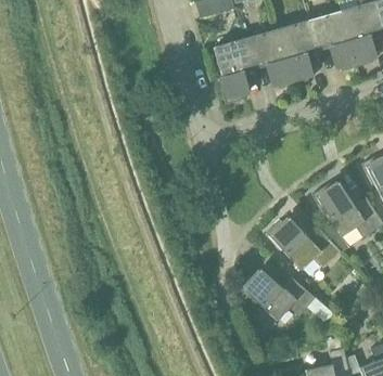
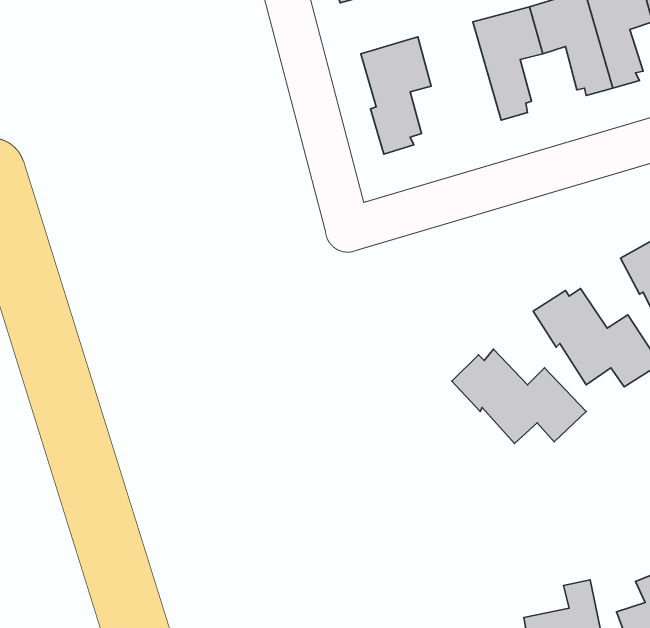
building: [246,28,294,89] -> none
building: [239,268,317,320] -> none

